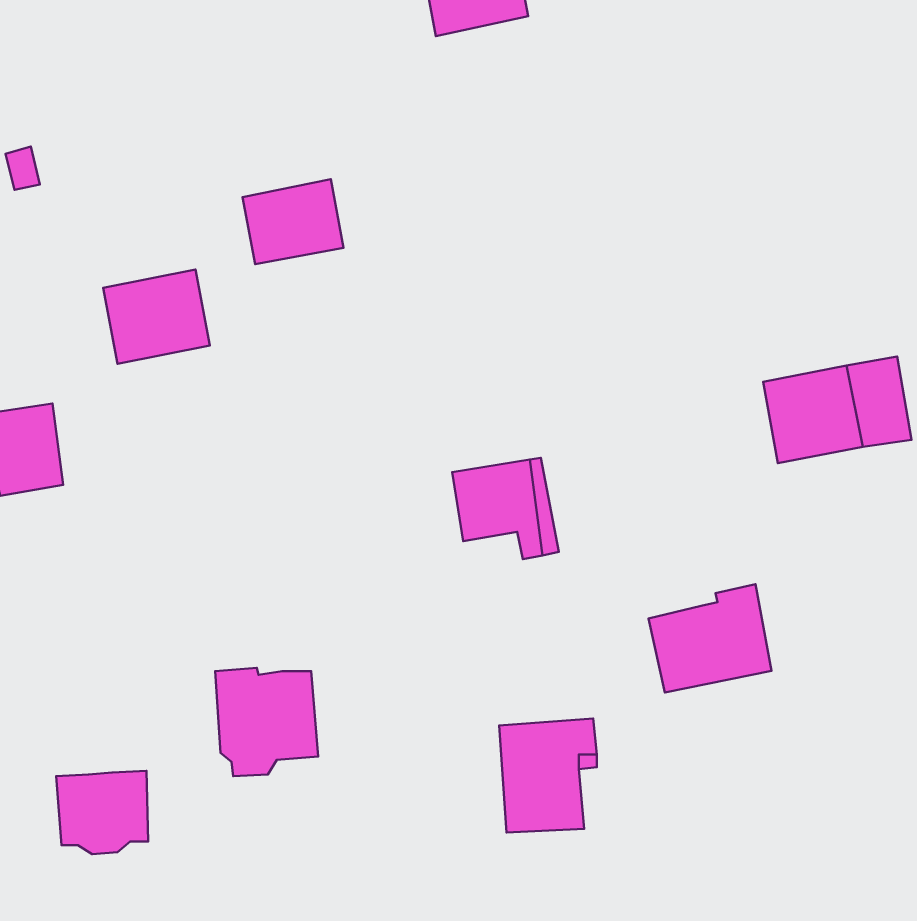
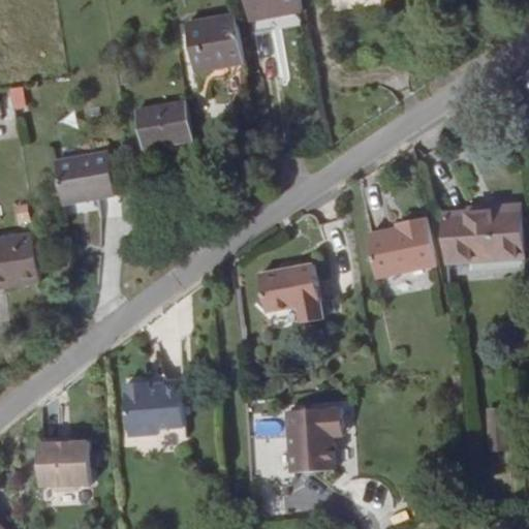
building: none -> [187,14,245,72]
building: [649,584,772,693] -> [365,212,435,274]

